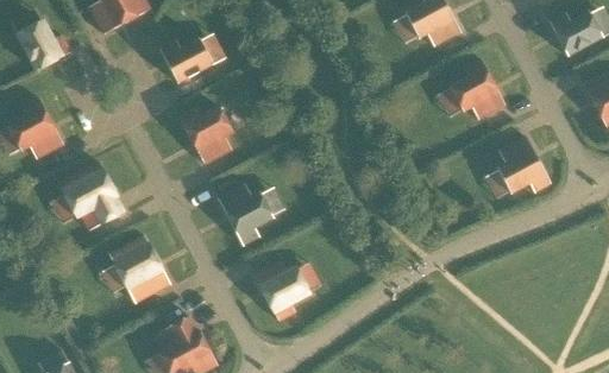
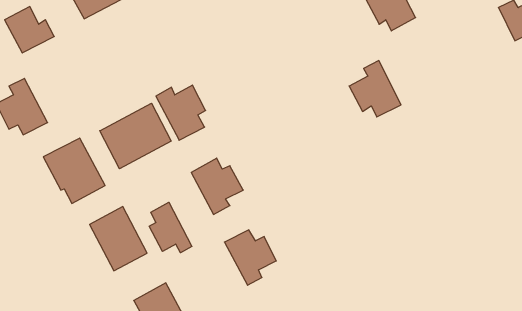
building: [159,38,213,83] -> none
building: [448,58,504,119] -> [349,61,401,117]
building: none -> [100,103,171,169]
building: [497,137,550,194] -> none
building: none -> [149,202,192,253]

